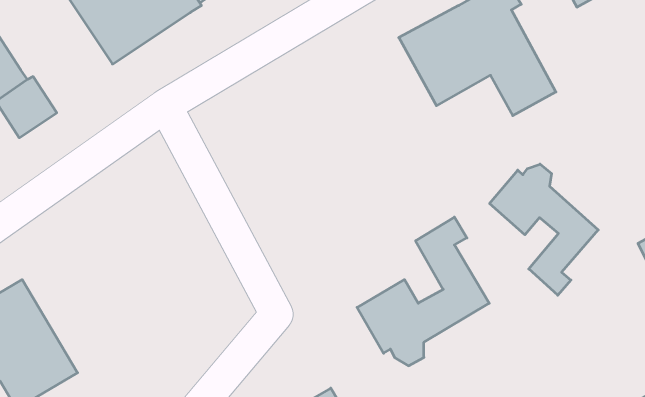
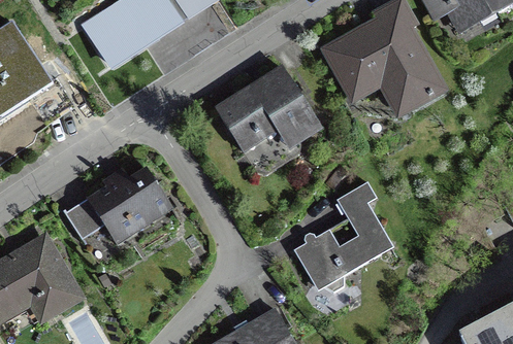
building: none -> [214,61,322,174]
building: [490,164,598,295] -> none
building: none -> [62,168,171,243]

